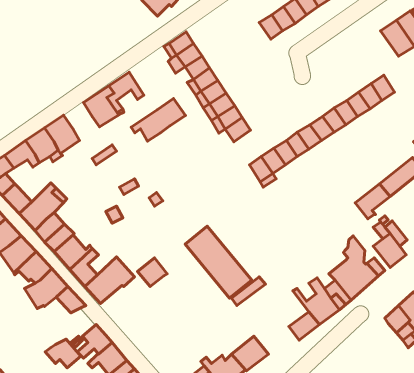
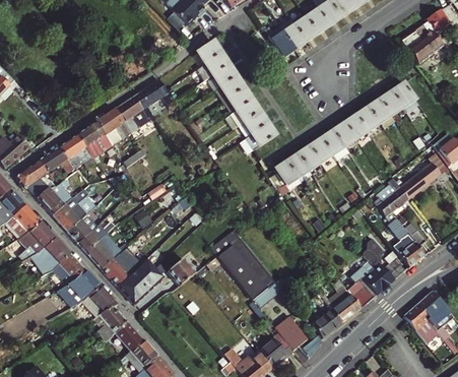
building: none -> [268,26,295,56]
building: [131,98,186,141] -> none
building: none -> [95,109,130,145]
building: none -> [274,316,307,351]
building: [45,339,81,368] -> [92,306,127,333]

